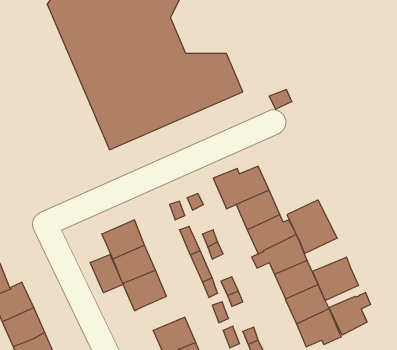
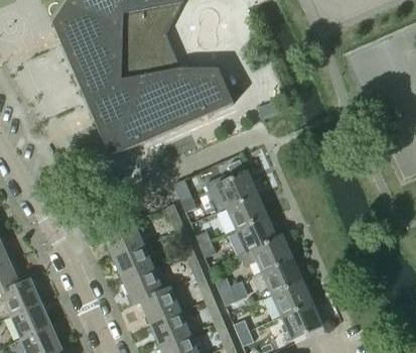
building: [287,200,337,253] -> none
building: [90,254,123,293] -> none
building: [313,257,359,300] -> none
building: none -> [141,286,179,323]
building: [329,292,371,335] -> none

